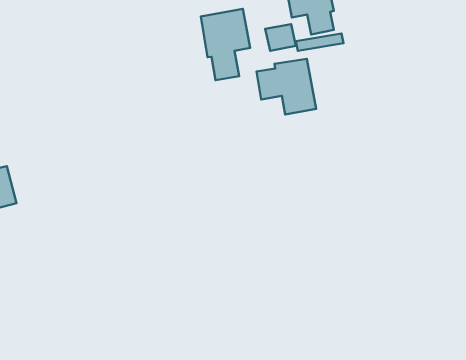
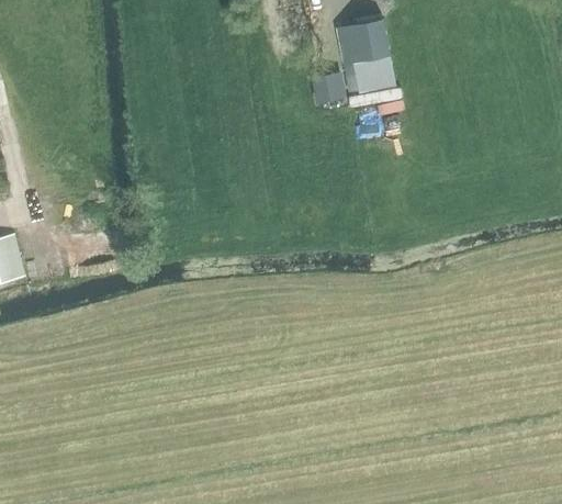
building: [201,9,250,80] -> none
building: [256,59,316,115] -> none

